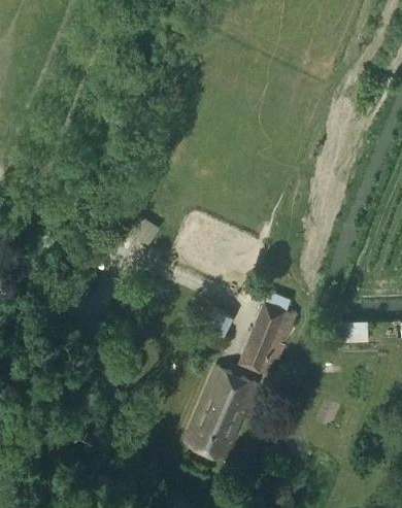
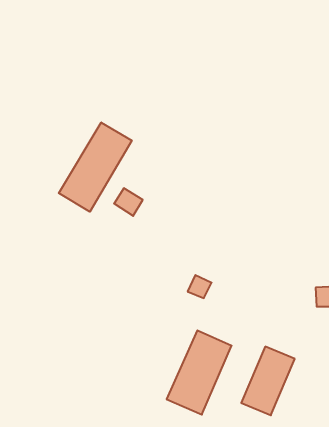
building: none -> [59,122,132,212]
building: [237,302,295,376] -> [241,347,295,415]

